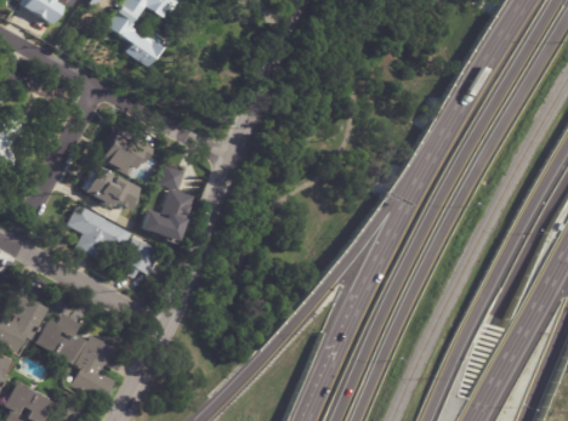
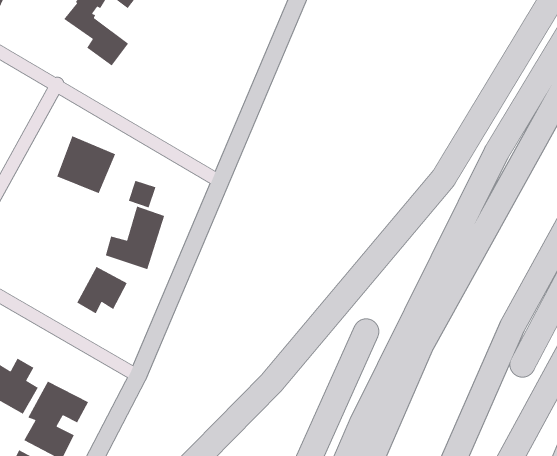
building: [84,164,138,211] -> none
building: [67,203,130,257] -> none

